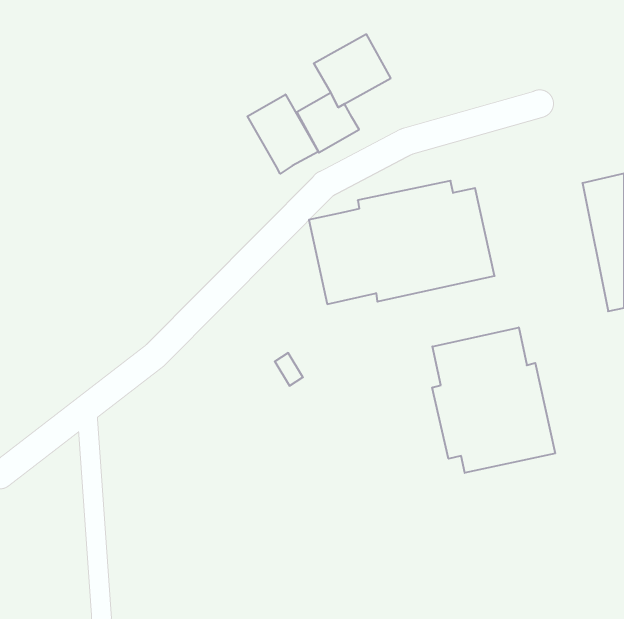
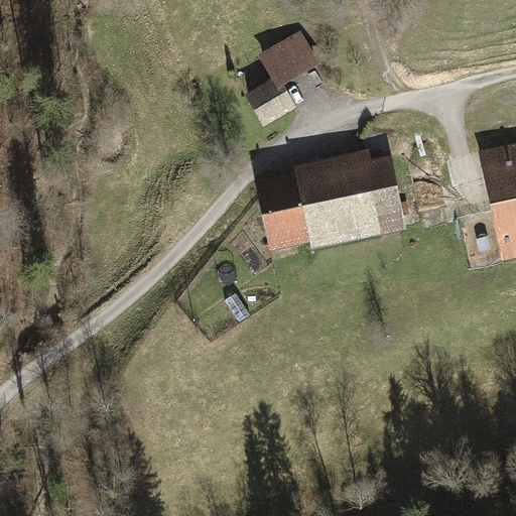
building: [247,94,318,174] -> none
building: [432,327,555,473] -> none

